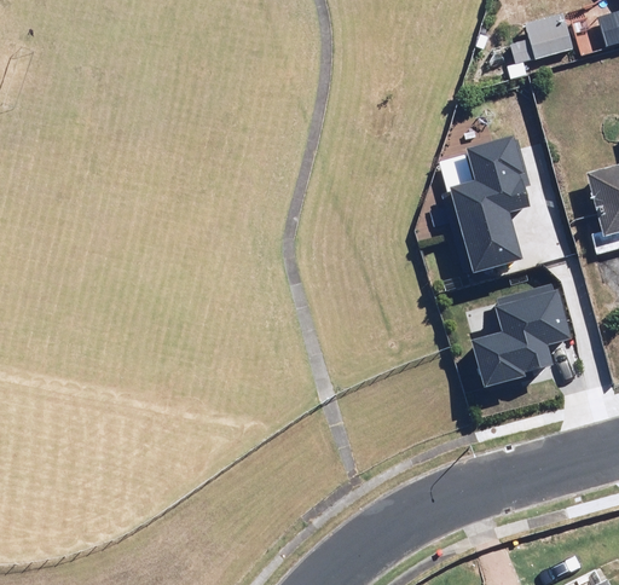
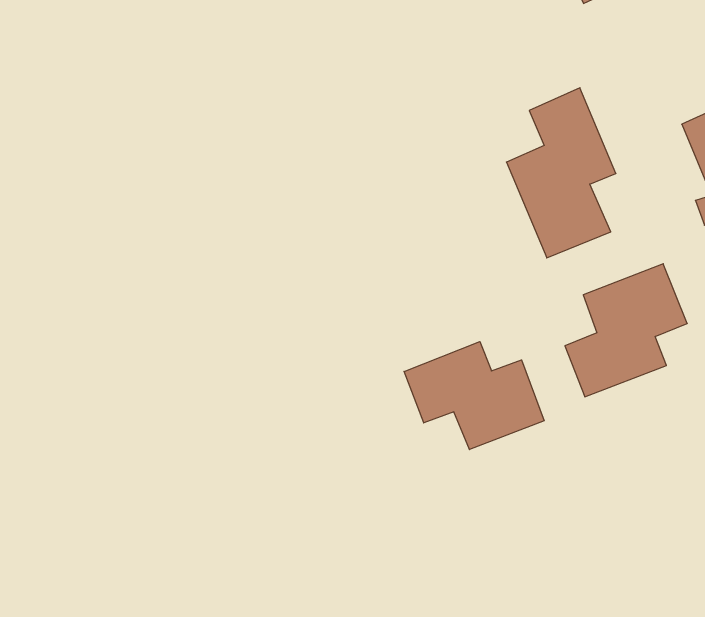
building: none -> [404,342,544,450]

